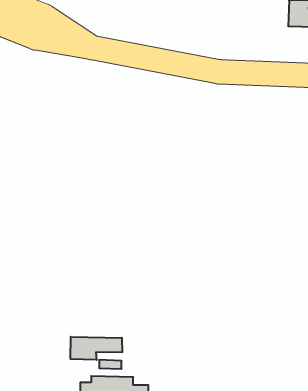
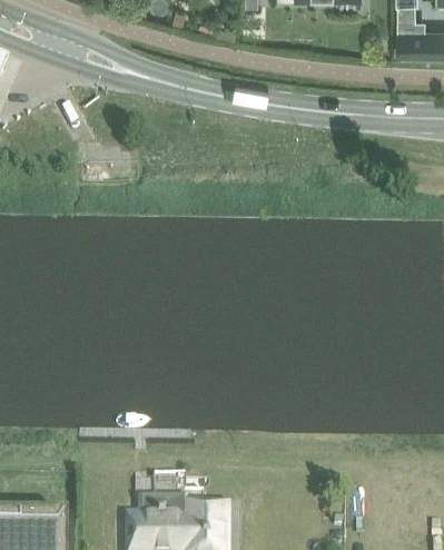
building: [71,337,122,360] -> none

